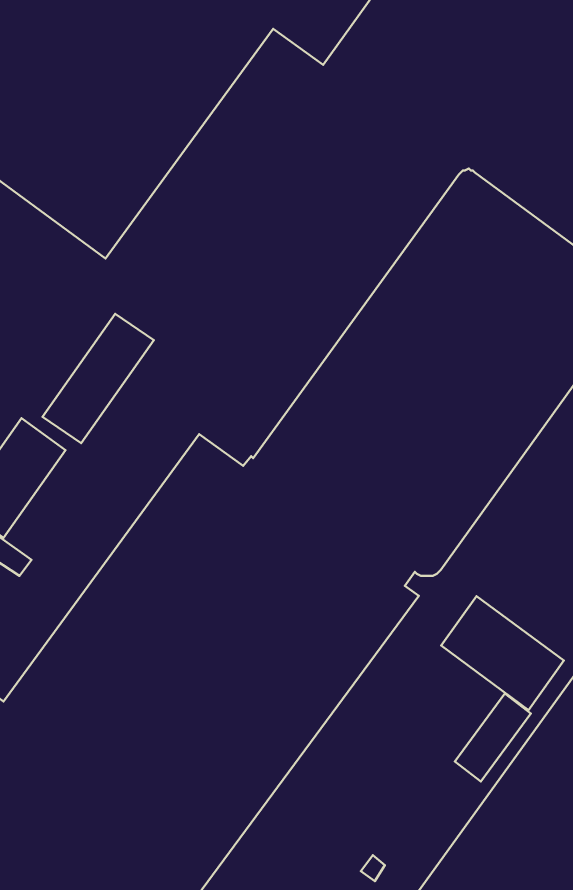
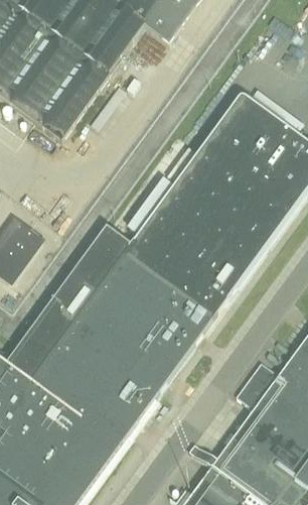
building: [42,314,154,443] -> none
building: [441,596,564,710] -> none

